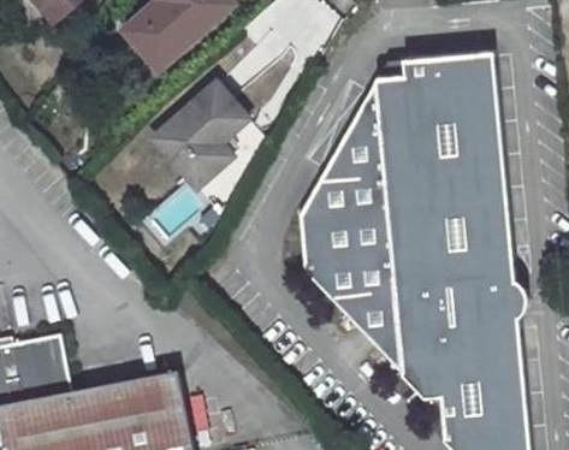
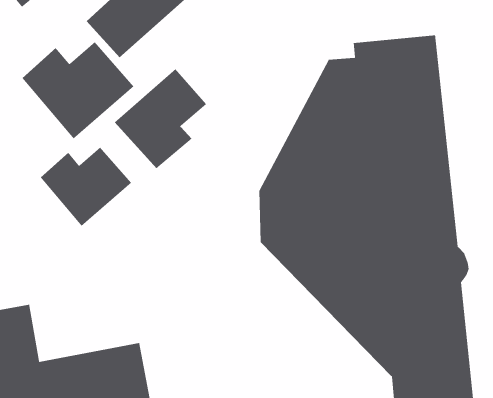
building: none -> [22,41,134,140]
building: none -> [40,146,132,227]

